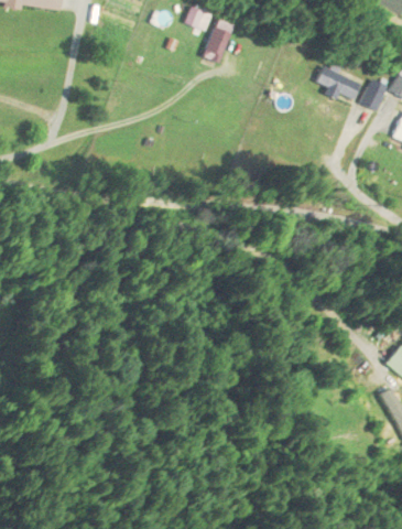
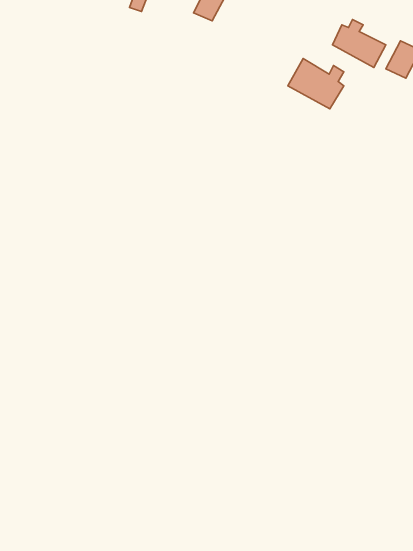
building: none -> [288,58,344,109]

